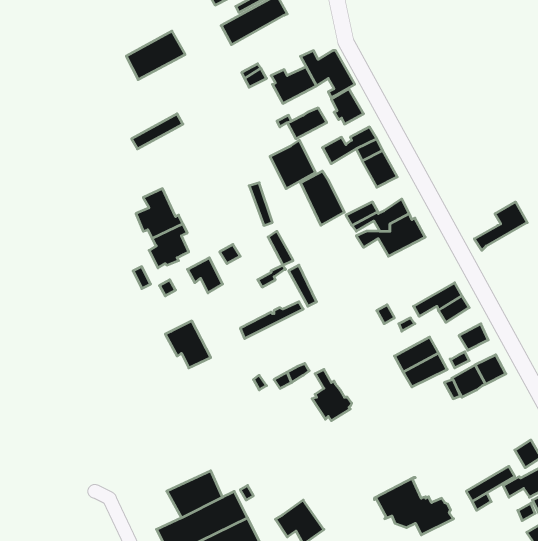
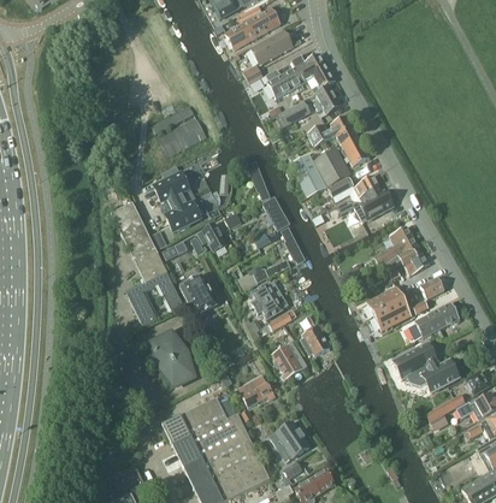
building: none -> [249,29,293,64]
building: [126,31,185,80] -> [158,116,206,155]
building: [270,140,315,189] -> [313,146,350,185]
building: [474,202,527,250] -> [373,226,417,266]
building: none -> [111,202,184,325]
building: none -> [252,282,288,319]
building: none -> [157,337,188,381]
building: none -> [272,342,307,378]
building: none -> [238,375,274,406]
building: [374,478,454,535] -> [394,344,459,391]
building: none -> [161,414,193,445]

